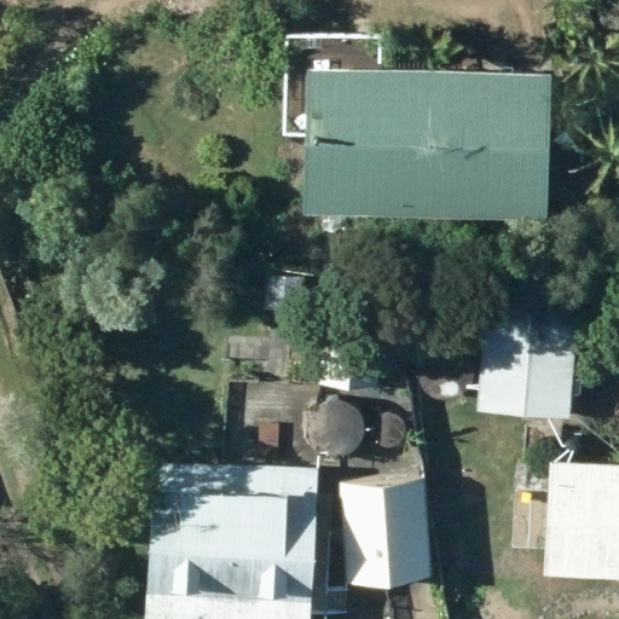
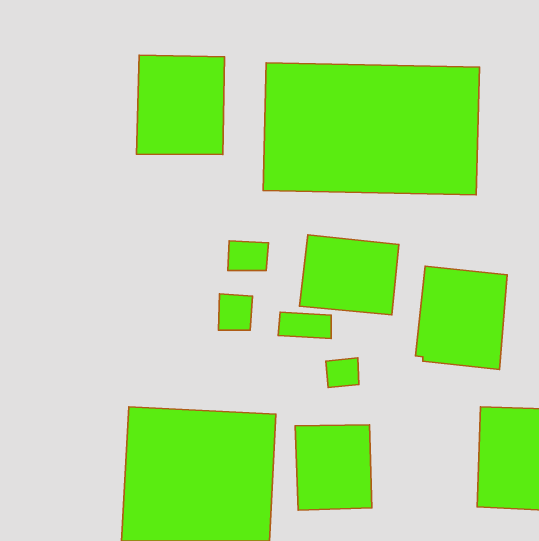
building: none -> [136,55,225,155]
building: none -> [299,235,399,315]

